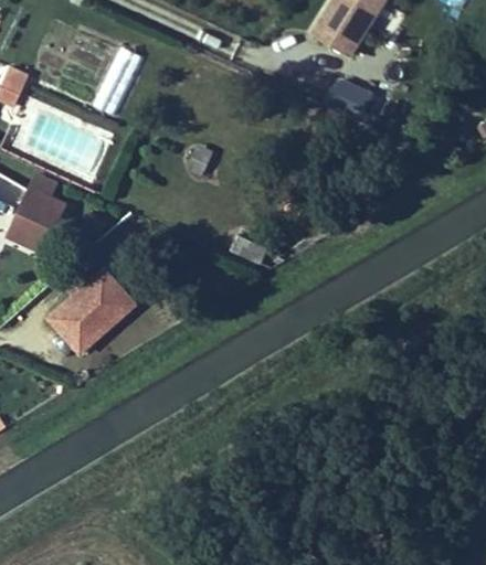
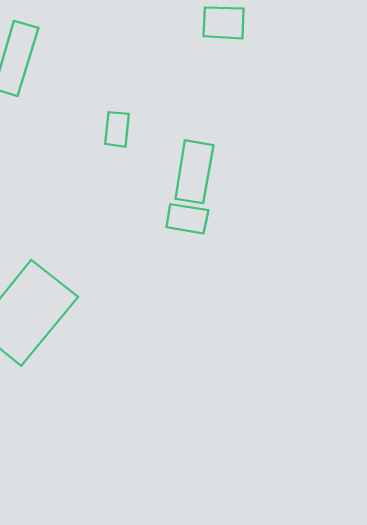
building: [332,79,372,113] -> [203,7,244,39]
building: none -> [176,140,214,203]

